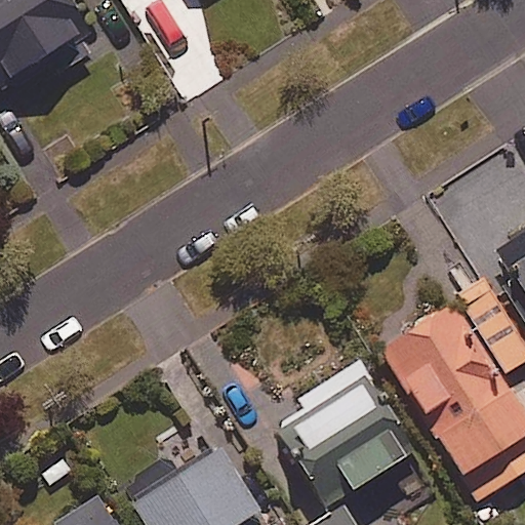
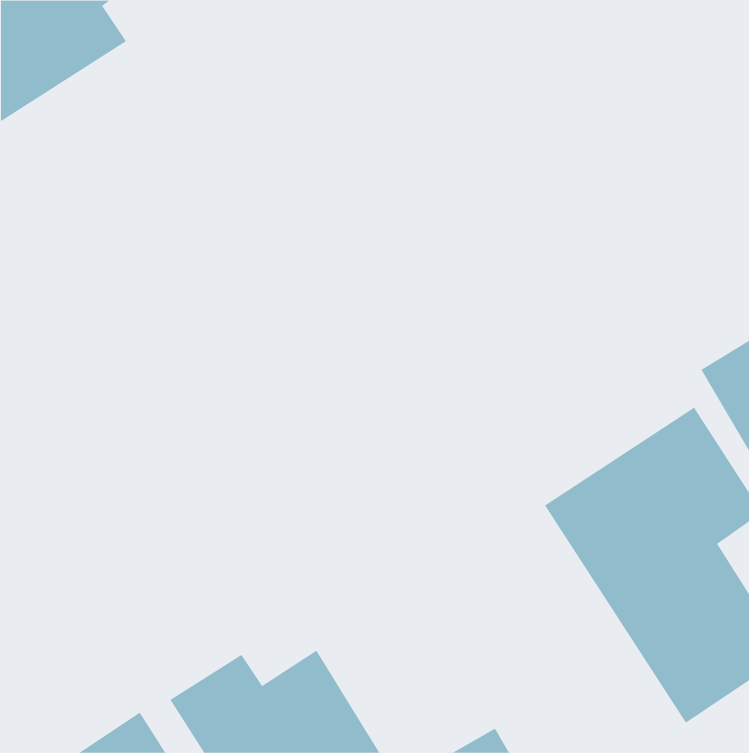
building: [281,365,413,503] -> none

